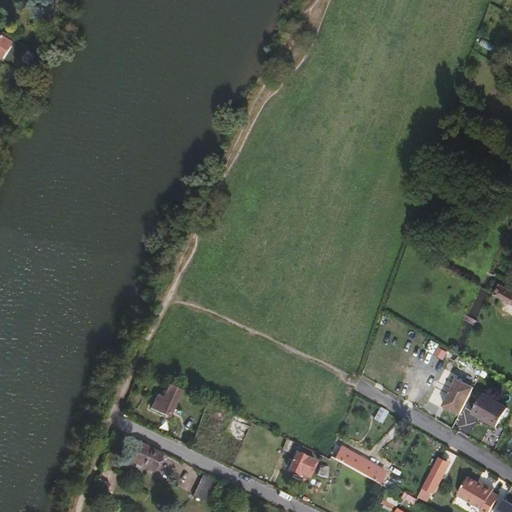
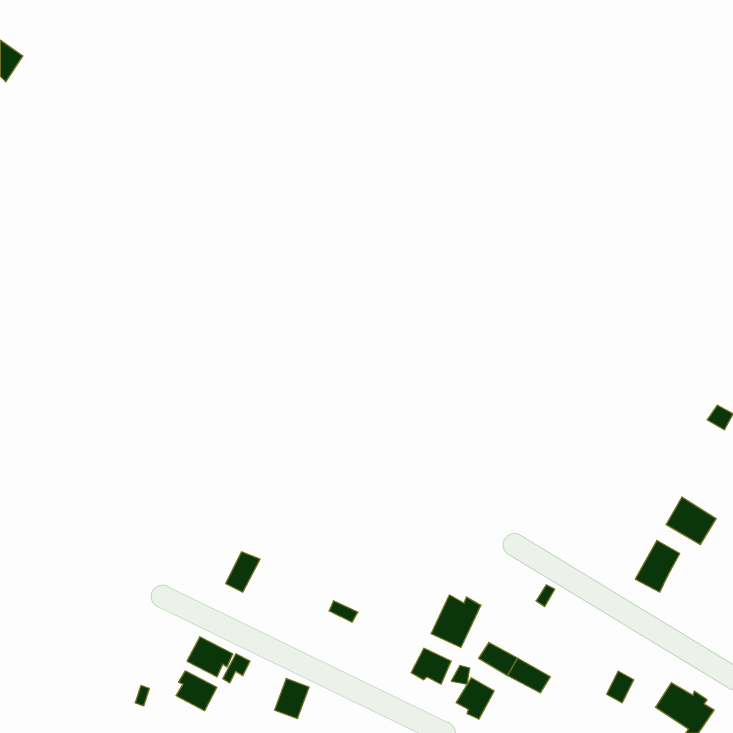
building: [472,392,507,425] -> [666,497,716,545]
building: none -> [431,595,481,648]
building: none -> [176,671,217,711]
building: none -> [456,678,494,719]

